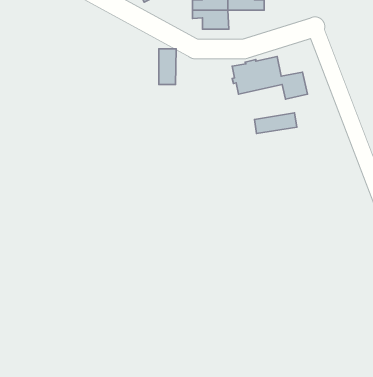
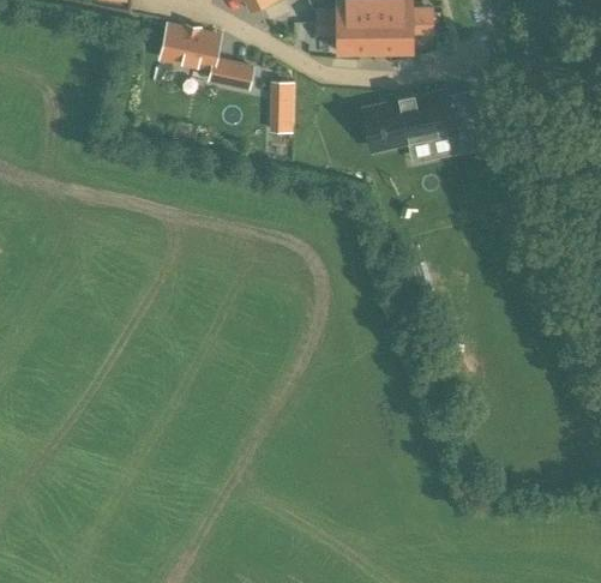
building: none -> [372,25,425,53]
building: none -> [160,26,252,88]
building: [254,113,297,133] -> none

